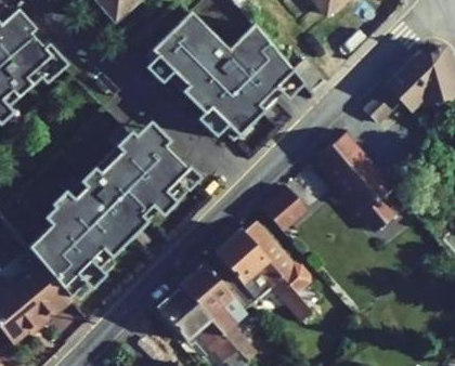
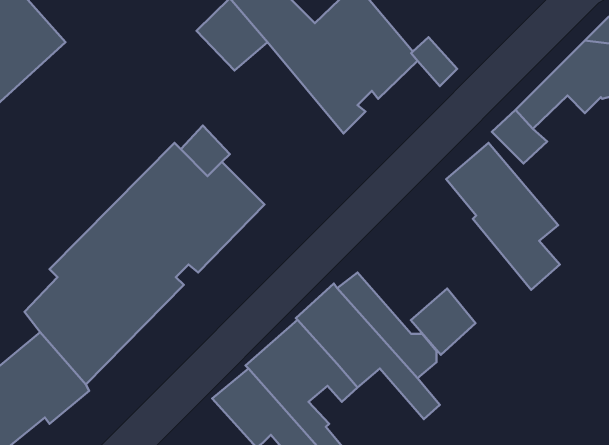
building: [173,63,248,142] -> none
building: [263,186,308,232] -> [411,289,476,355]

